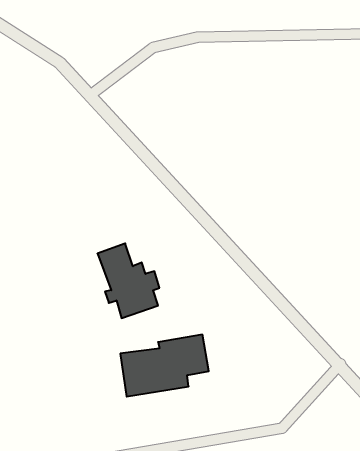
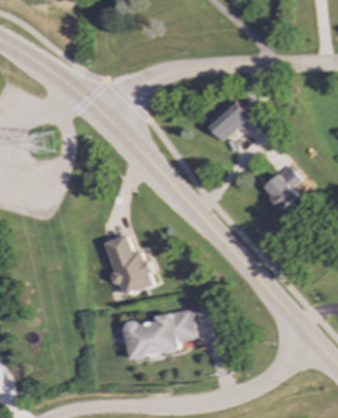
building: none -> [206,97,250,141]
building: none -> [262,165,301,210]

